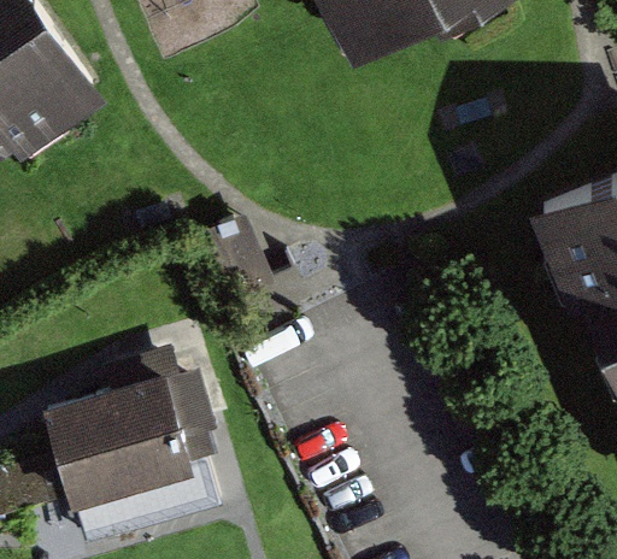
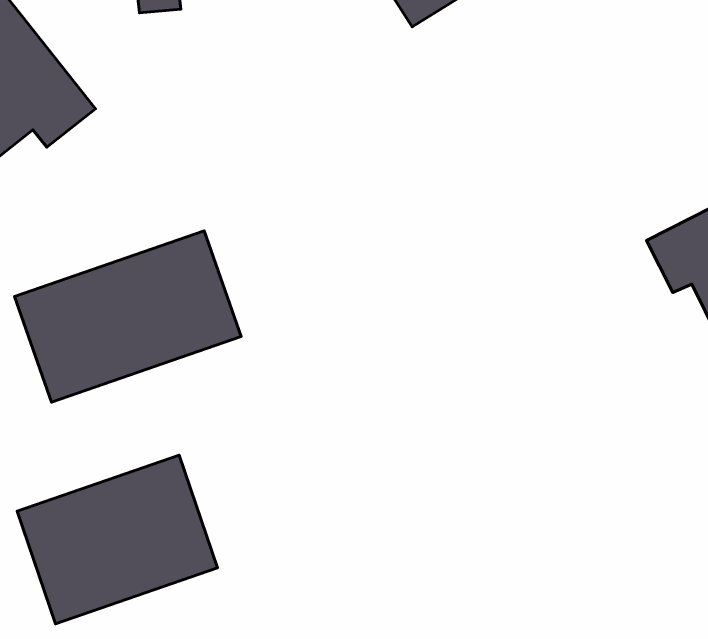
building: none -> [15,231,241,402]

